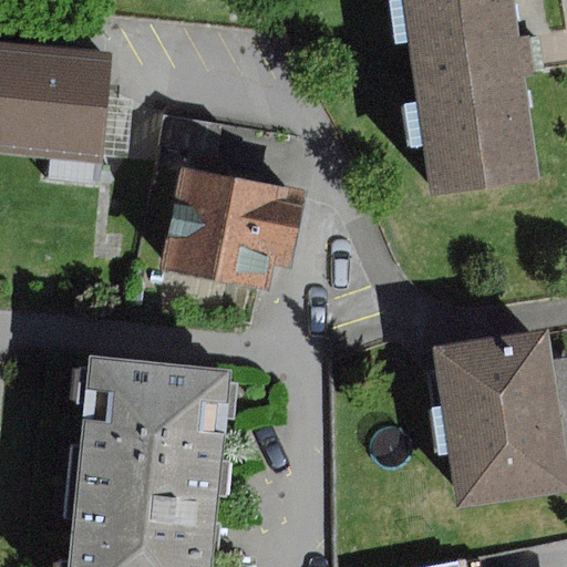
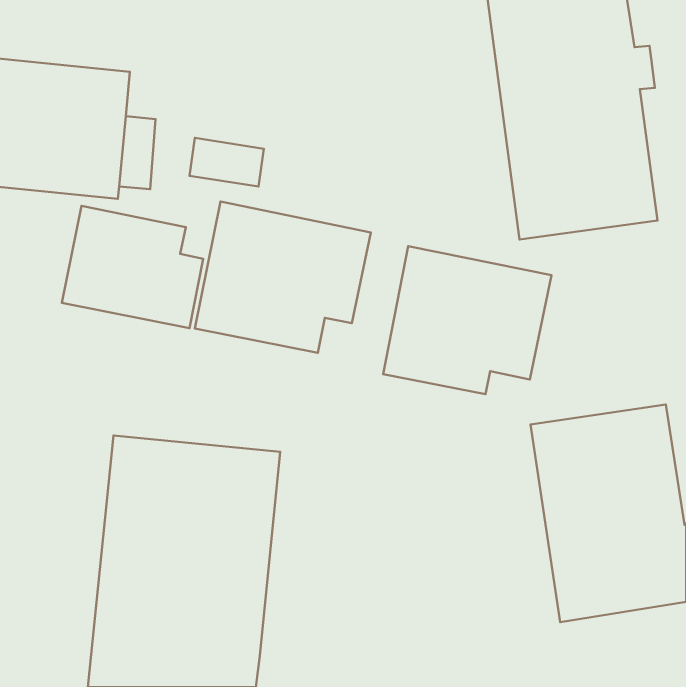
building: none -> [62,206,203,328]
building: none -> [383,246,551,394]

